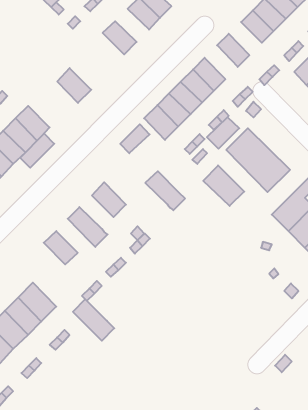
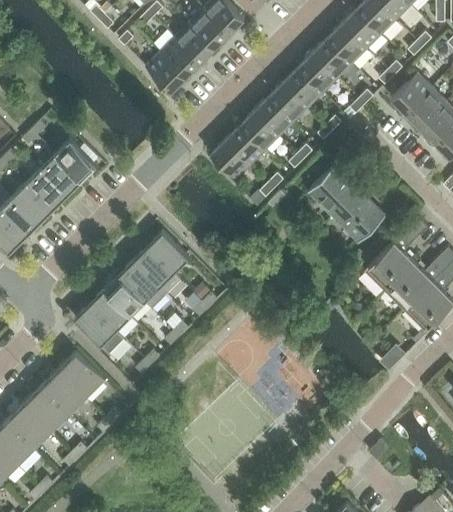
building: none -> [176,22,217,62]
building: none -> [313,38,353,78]
building: none -> [284,66,324,107]
building: [57,68,91,103] -> [146,51,187,93]
building: [207,117,239,149] -> none
building: [120,124,150,153] -> none
building: [20,134,54,168] -> none
building: [203,165,244,206] -> none
building: [145,171,185,210] -> [133,247,181,294]
building: none -> [105,275,145,316]
building: [73,299,114,341] -> [75,304,125,354]

